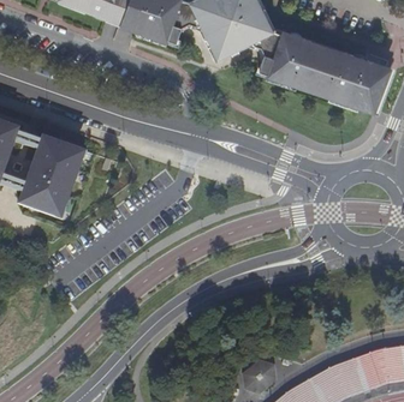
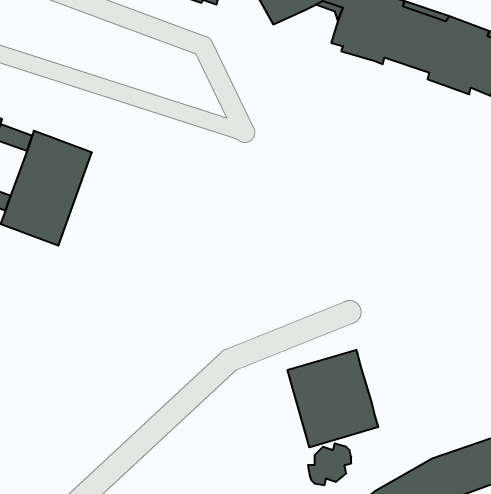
building: none -> [288,350,378,447]

